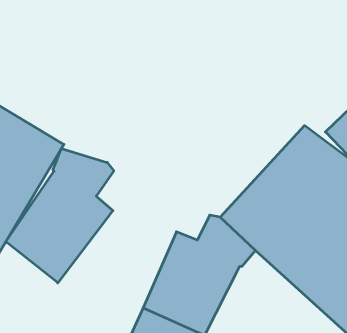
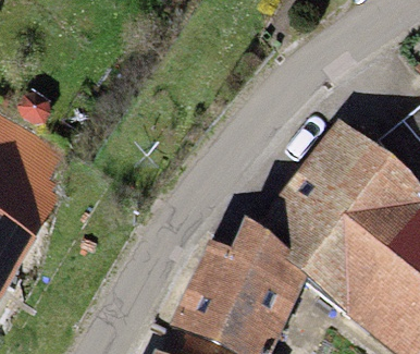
building: [5,148,114,283] -> none

